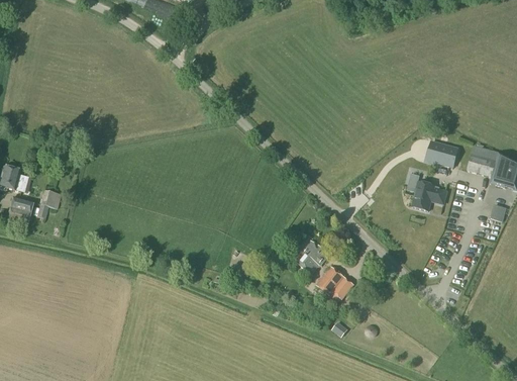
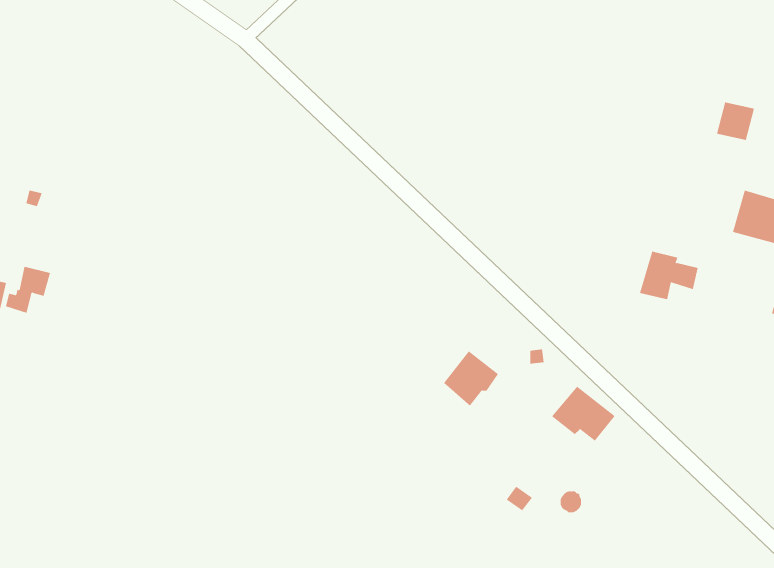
building: [434,142,457,166] -> [716,102,755,141]
building: [315,266,353,299] -> [551,386,616,442]

